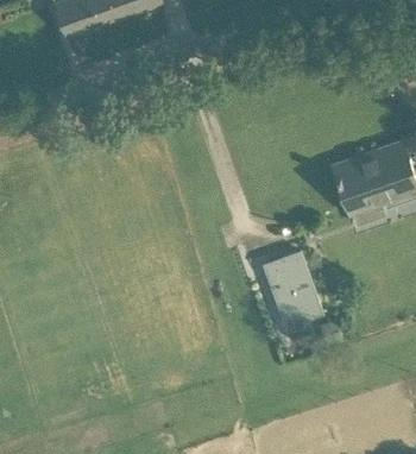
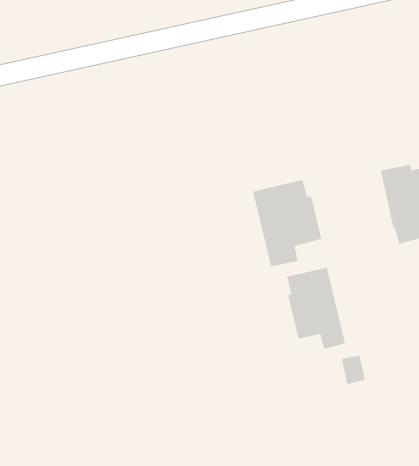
building: none -> [253,179,322,267]

